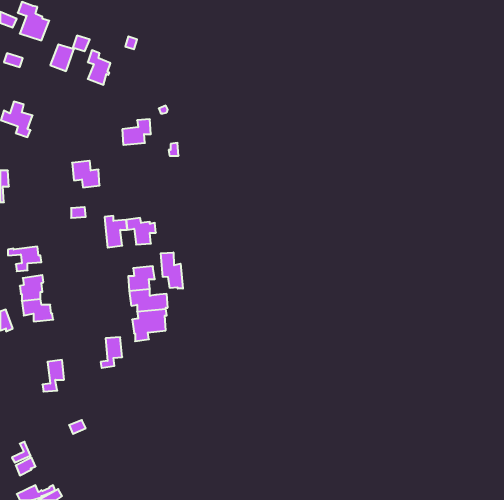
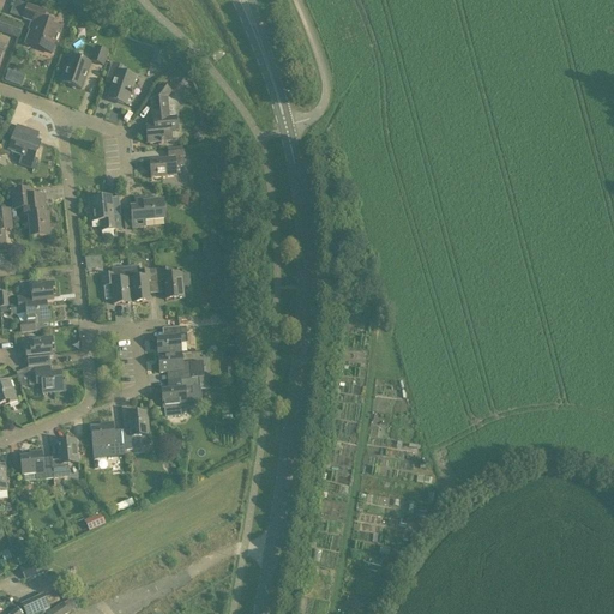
building: none -> [145,80,177,140]
building: none -> [10,186,49,235]
building: none -> [124,197,163,225]
building: none -> [102,271,131,302]
building: none -> [17,279,54,303]
building: [161,252,183,289] -> none
building: none -> [90,421,124,453]
building: none -> [19,449,53,478]

